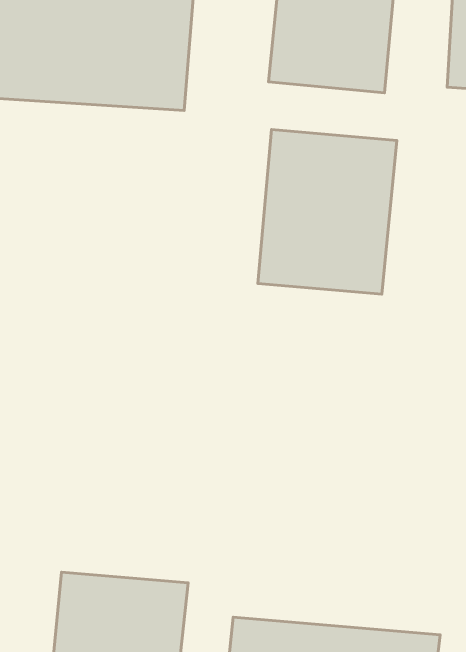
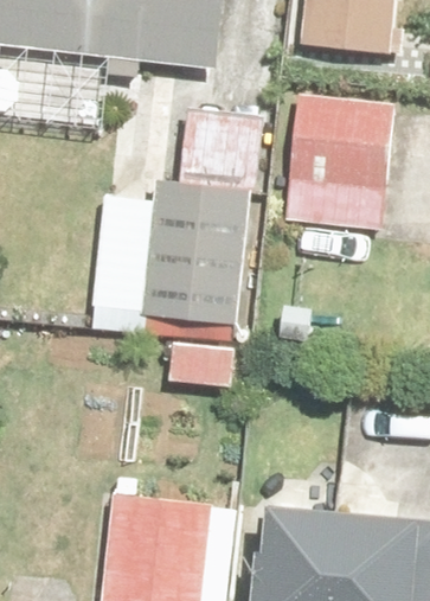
building: none -> [98,209,208,352]

